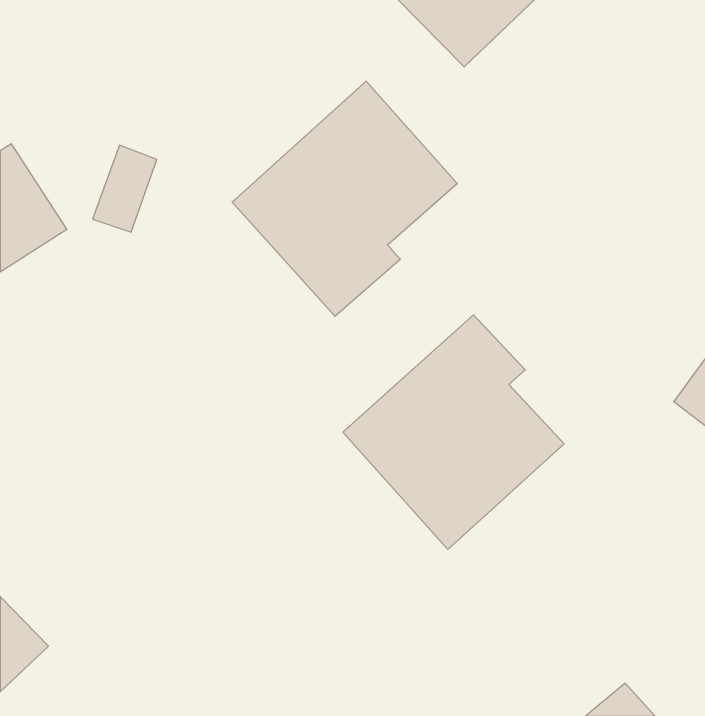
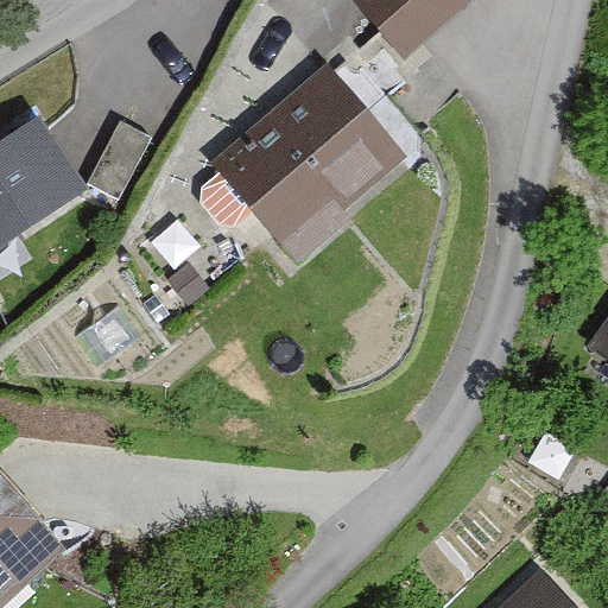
building: [343,315,564,549] -> none

